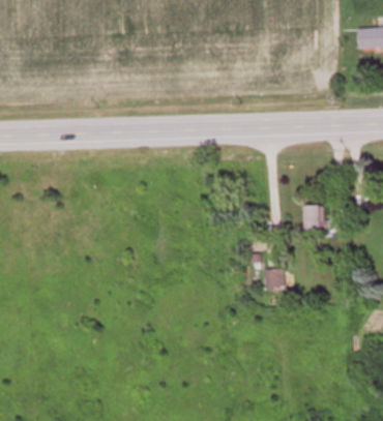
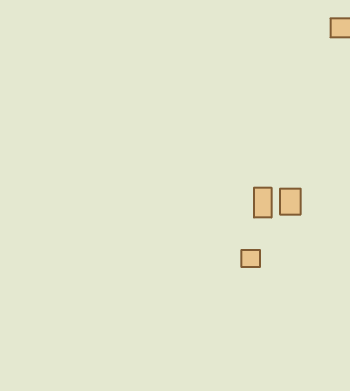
building: none -> [254,188,271,218]

